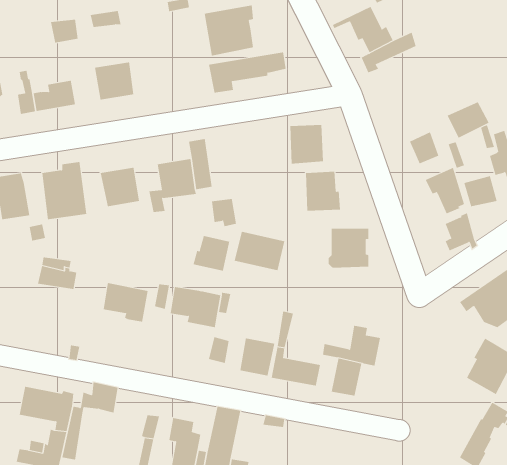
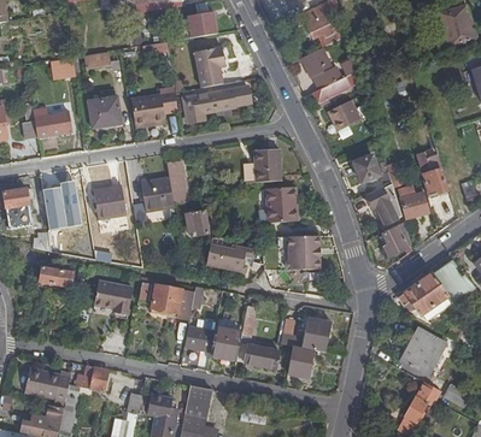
building: none -> [133,93,168,124]
building: [447,101,489,138] -> [328,98,364,129]
building: [193,235,230,272] -> none

